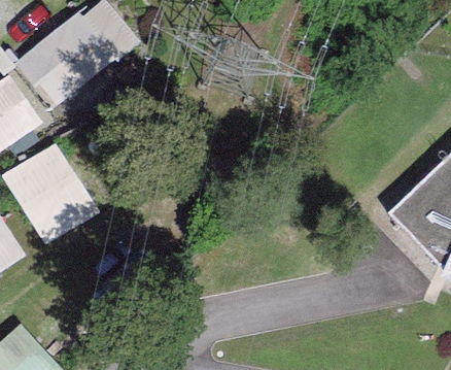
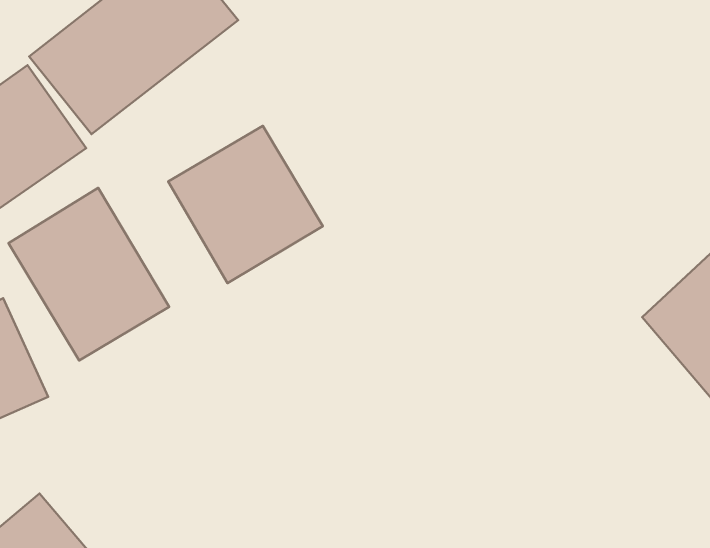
building: none -> [168,126,323,283]

